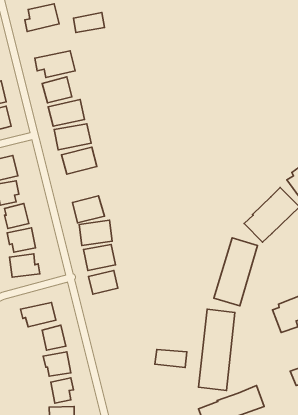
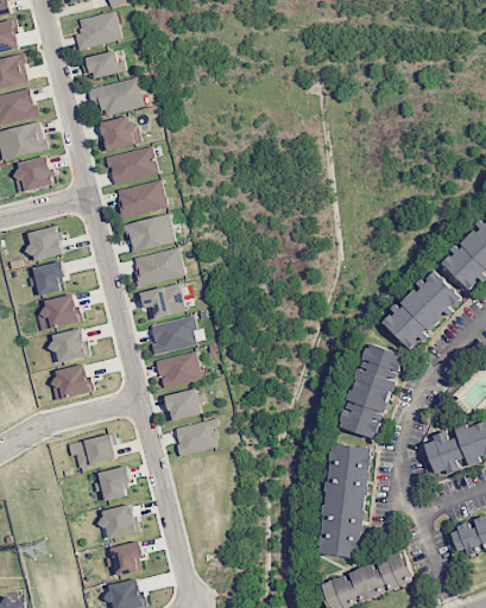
building: [73,12,104,32] -> [80,50,124,78]
building: none -> [131,247,184,285]
building: none -> [173,419,220,455]
building: [155,349,187,367] -> none

